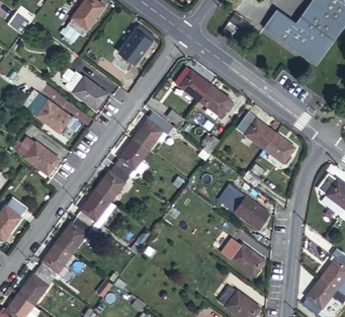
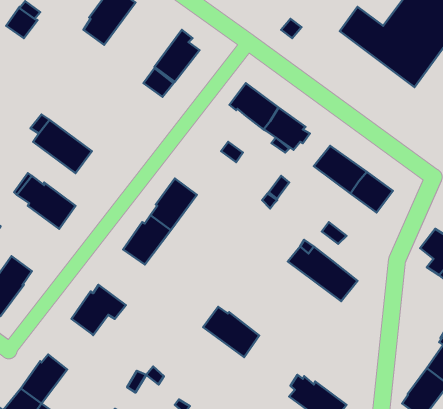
building: [65,71,108,108] -> none
building: [134,111,173,149] -> none
building: [77,189,116,231] -> none
building: [223,239,264,276] -> [203,307,259,357]
building: [39,241,73,279] -> none

